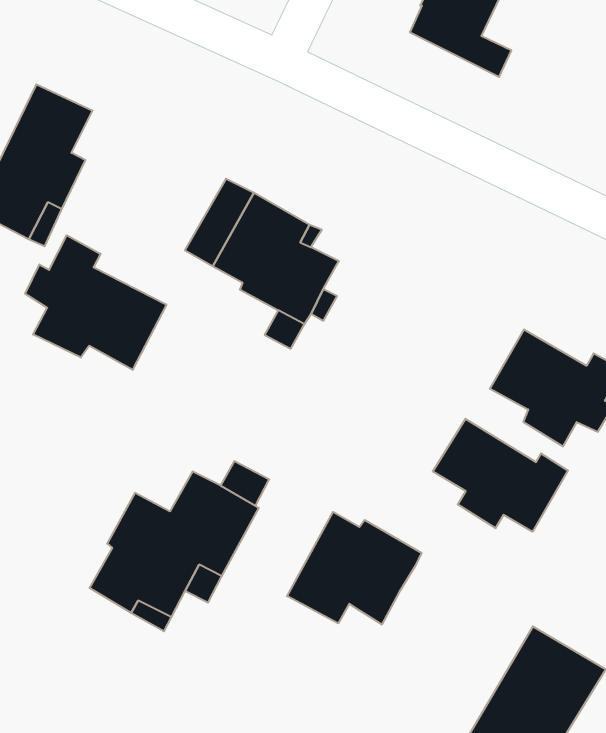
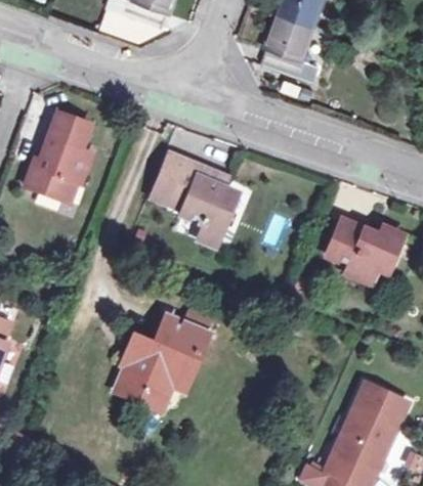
building: [25,235,166,370] -> none
building: [433,419,568,532] -> none
building: [287,512,422,625] -> none

